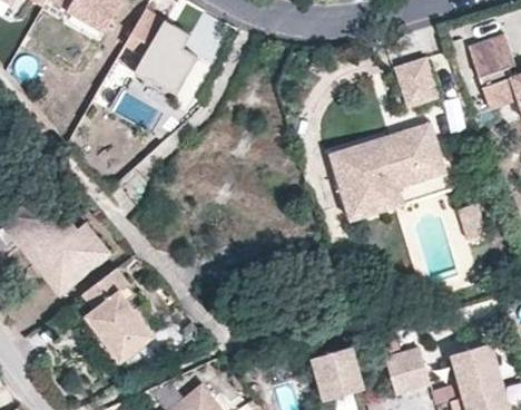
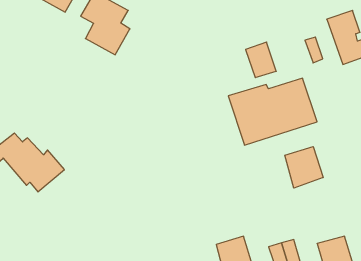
building: [393,56,435,105] -> [246,42,276,78]
building: none -> [285,147,323,188]
building: [85,266,156,361] -> none

